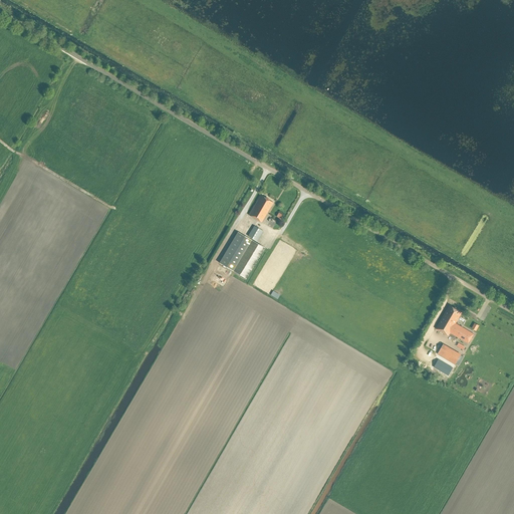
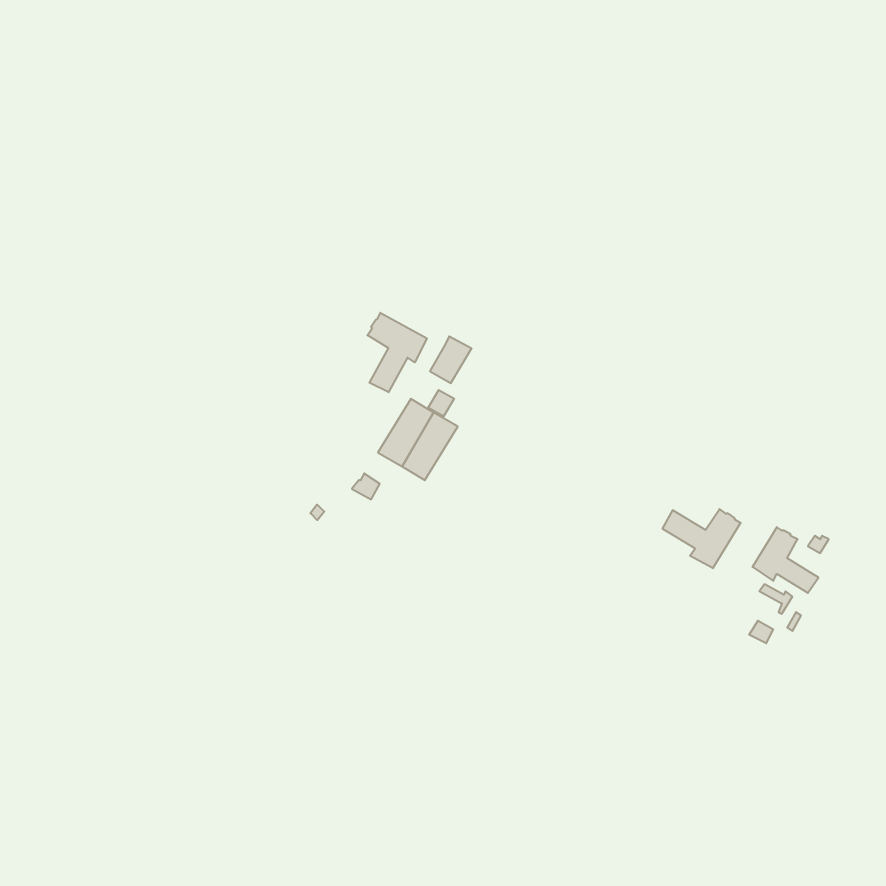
building: none -> [367,313,427,392]
building: none -> [663,509,741,568]

